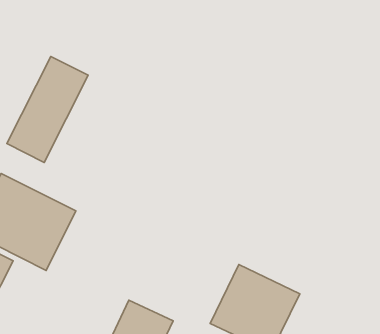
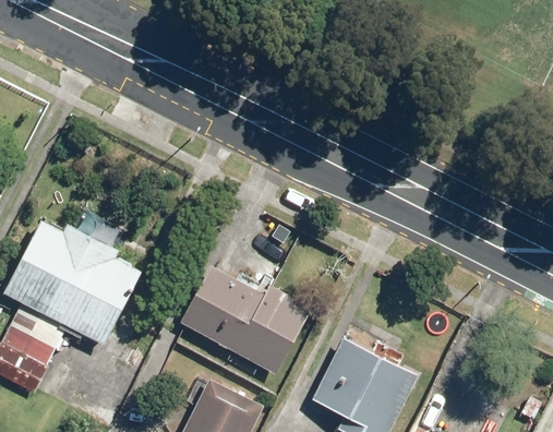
building: [7,56,88,162] -> none
building: none -> [176,257,308,374]

